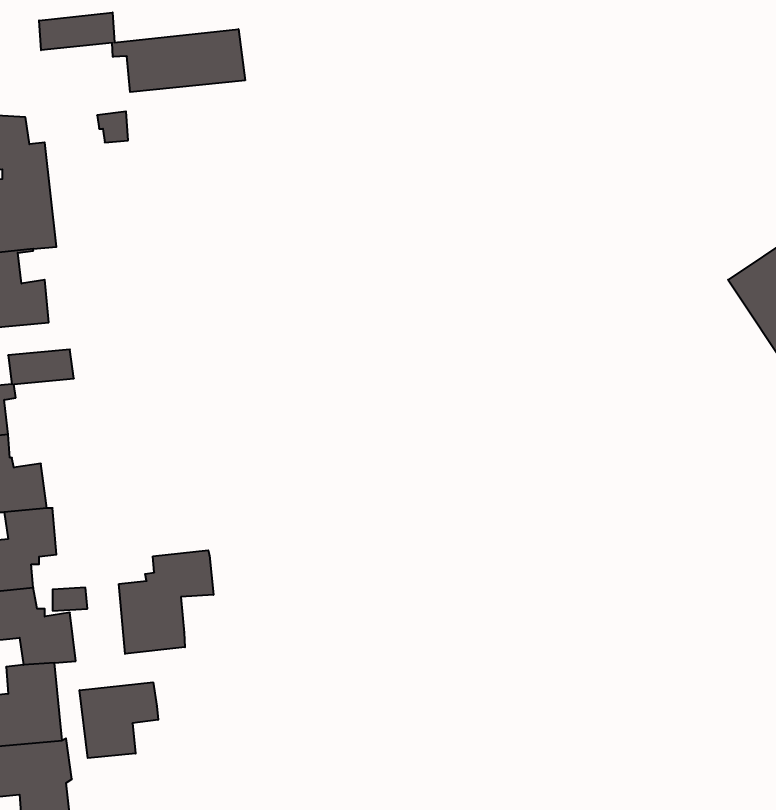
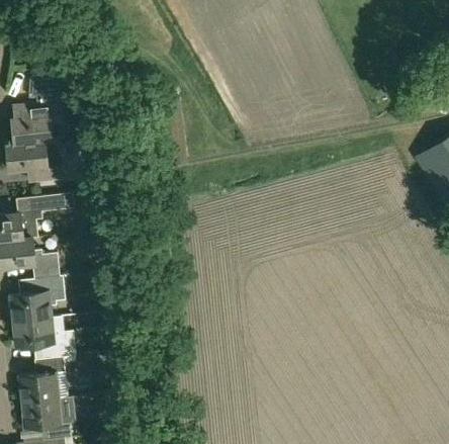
building: [39,12,245,92] -> none
building: [119,550,213,654] -> none
building: [80,682,158,758] -> none

